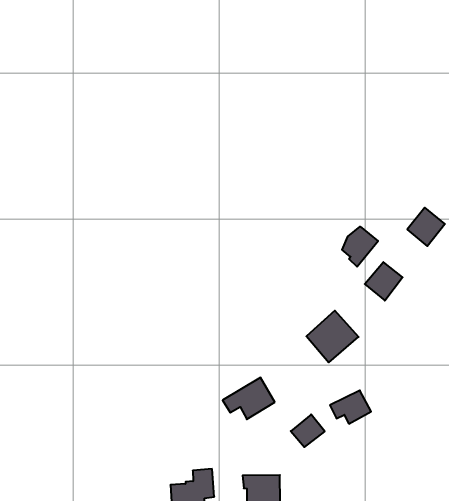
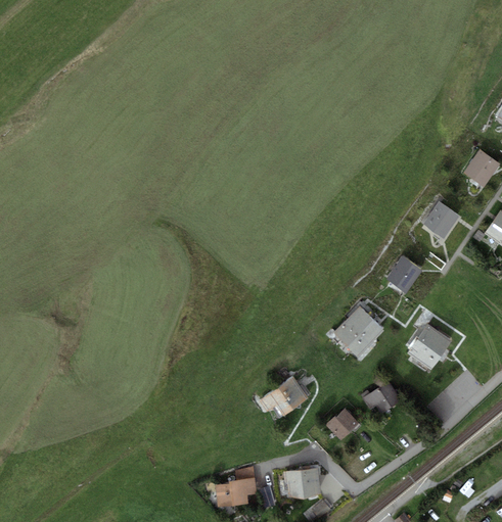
building: [342,227,378,267] -> none
building: none -> [407,324,451,369]

